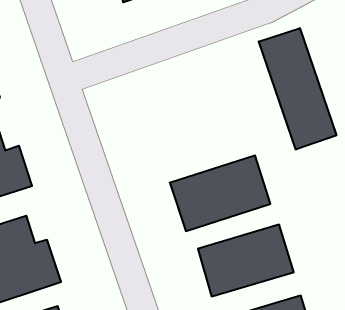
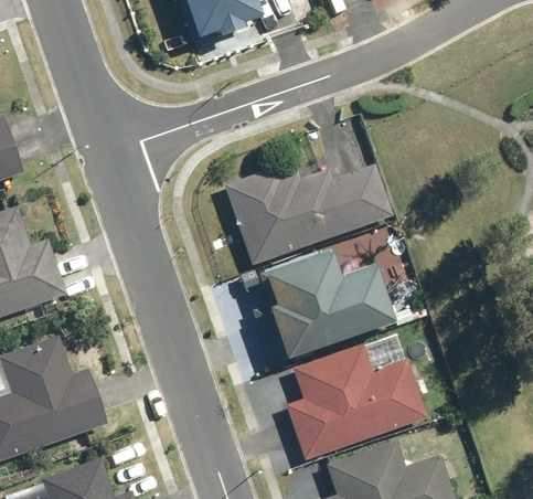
building: [259,28,336,150] -> none
building: none -> [224,164,393,266]

